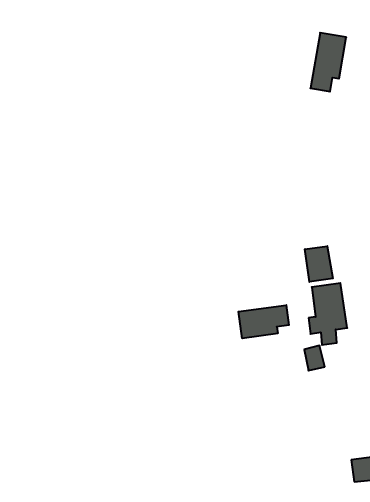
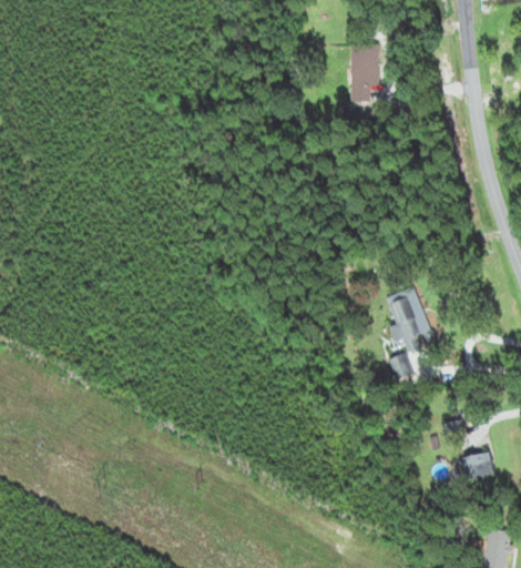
building: [305,246,333,282] -> none
building: [238,305,289,338] -> none

